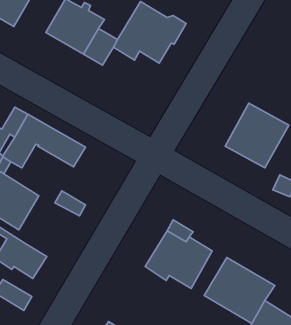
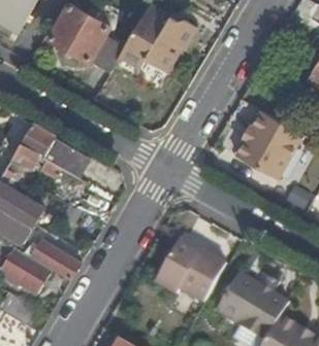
building: none -> [30,238,82,280]

